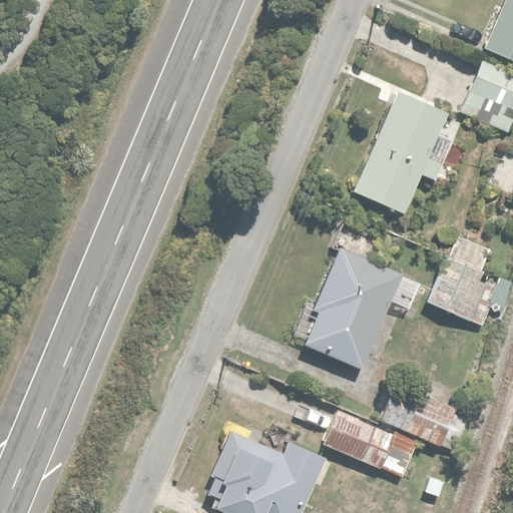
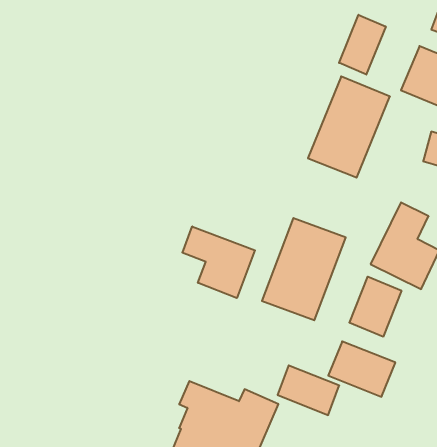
building: none -> [339,15,386,75]
building: none -> [182,226,255,298]
building: none -> [349,277,401,337]

